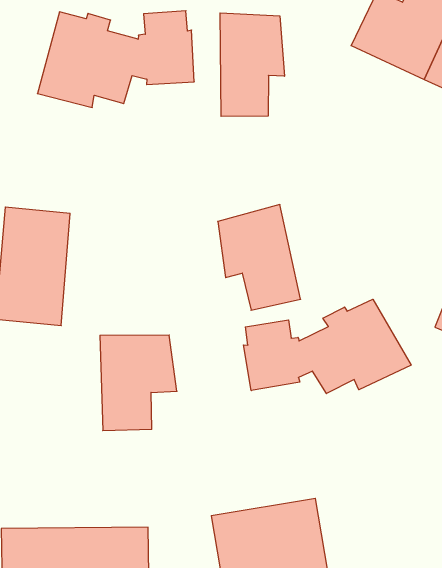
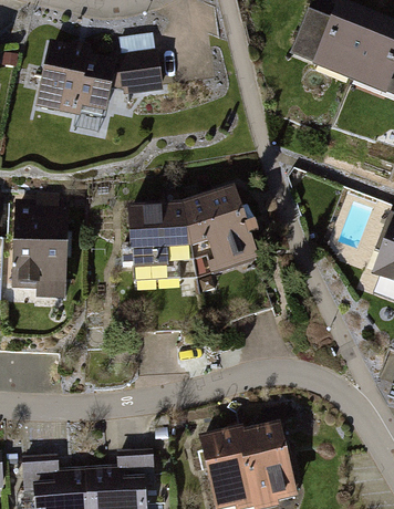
building: [220,13,284,116] -> none
building: [244,299,411,394] -> none
building: [100,335,177,431] -> [132,202,197,283]

